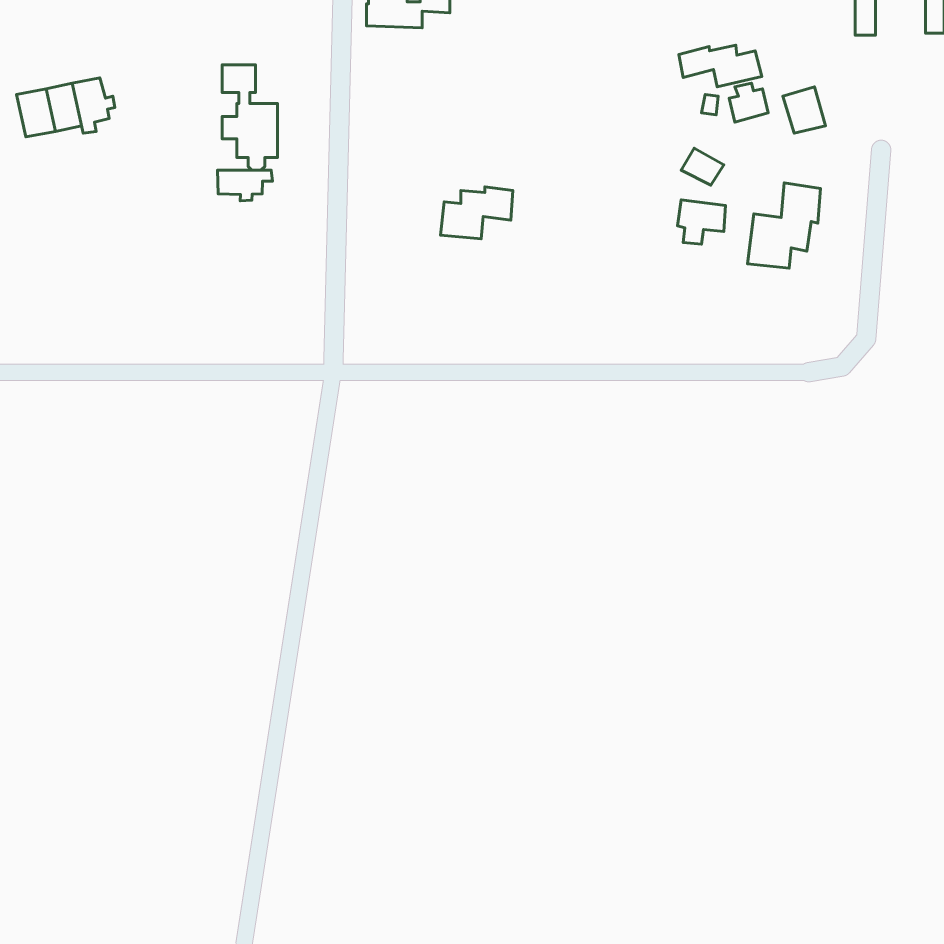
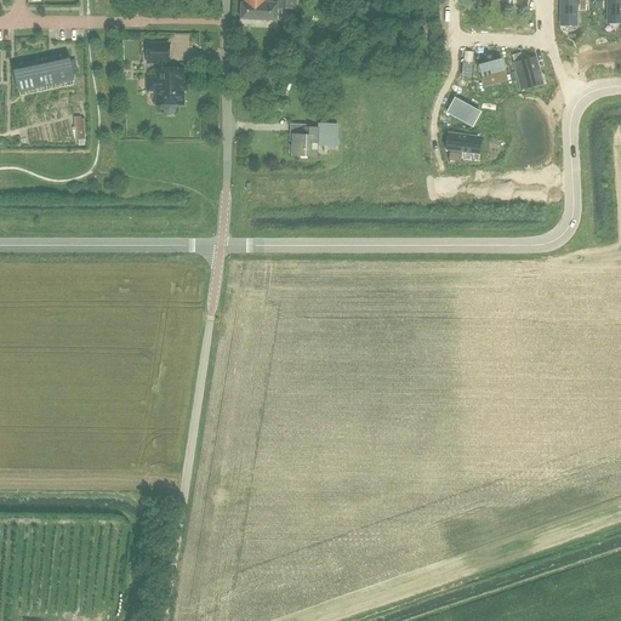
building: [679,45,762,87] -> none
building: [218,170,272,201] -> none
building: [748,183,821,268] -> none

